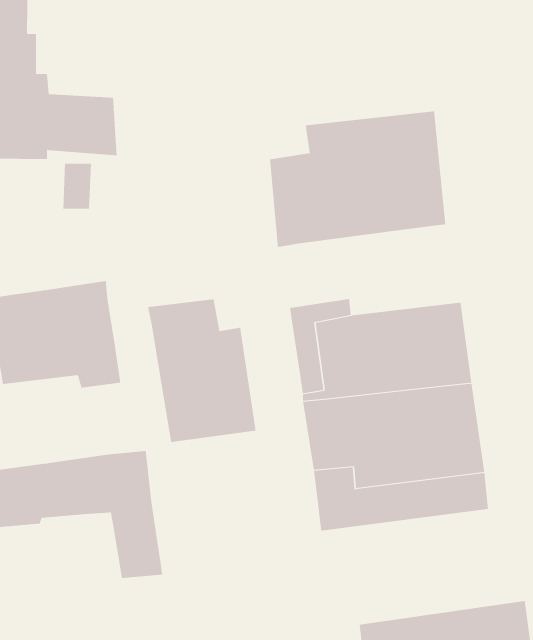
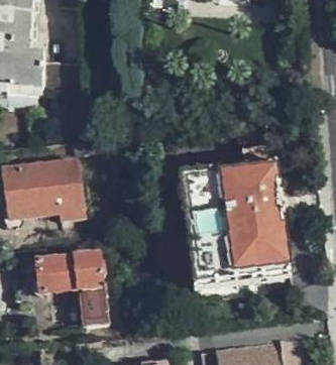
building: [270,110,446,248] -> none
building: [148,298,256,443] -> none

